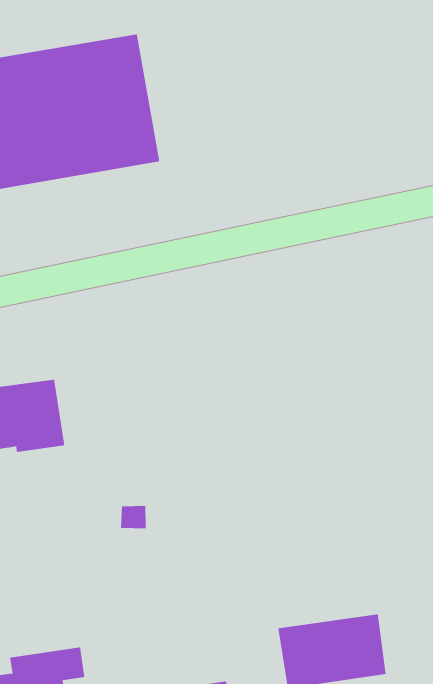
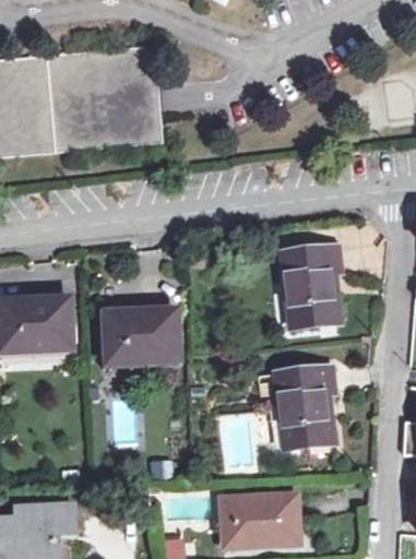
building: none -> [283,247,341,326]
building: none -> [106,308,179,360]
building: none -> [276,367,334,449]

